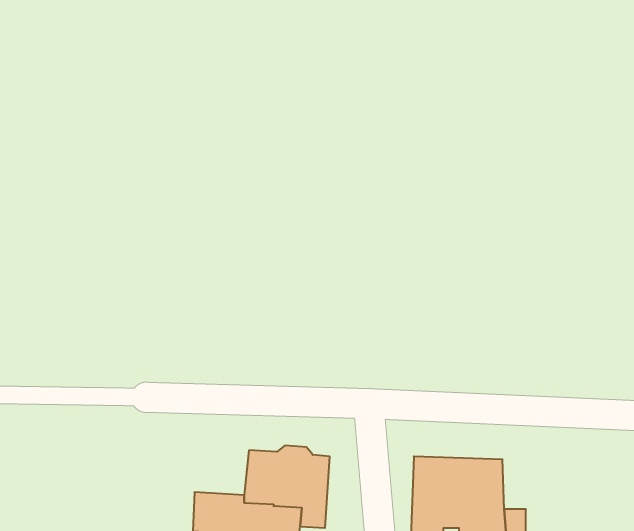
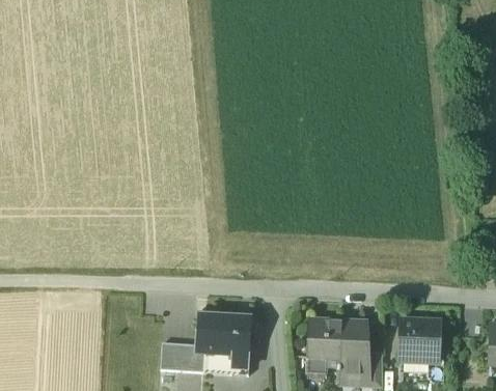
building: none -> [399,319,441,360]

